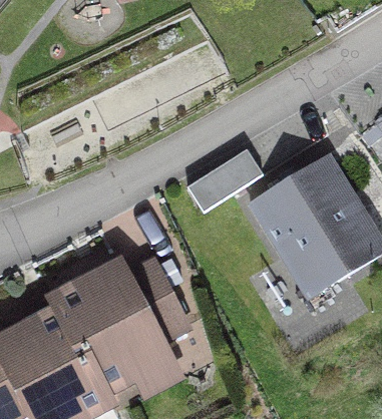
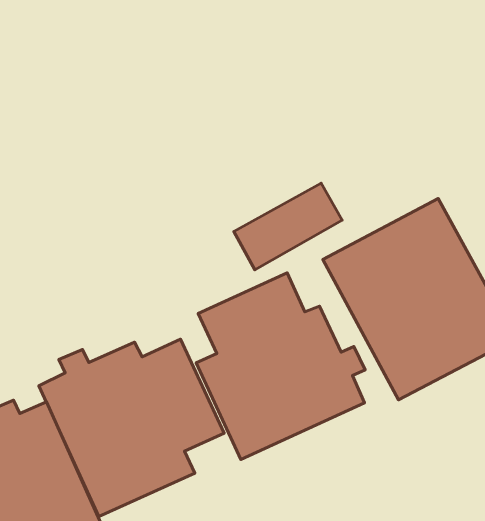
building: none -> [196,273,365,459]

